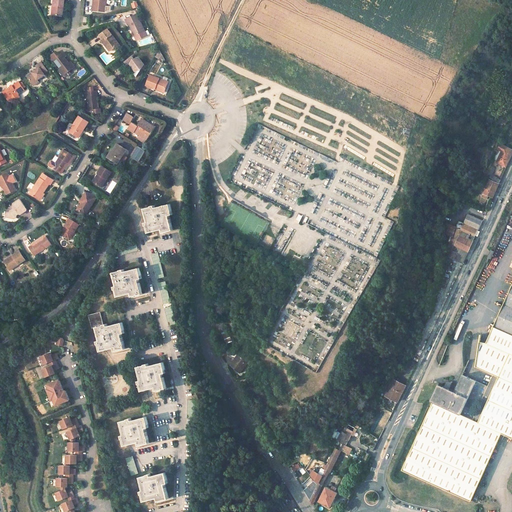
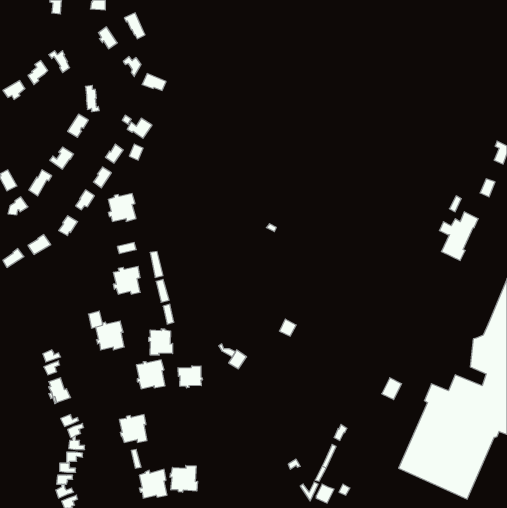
building: [145,204,173,232] -> [108,194,136,221]
building: none -> [149,329,173,355]
building: none -> [178,366,202,388]
building: none -> [170,465,197,492]

